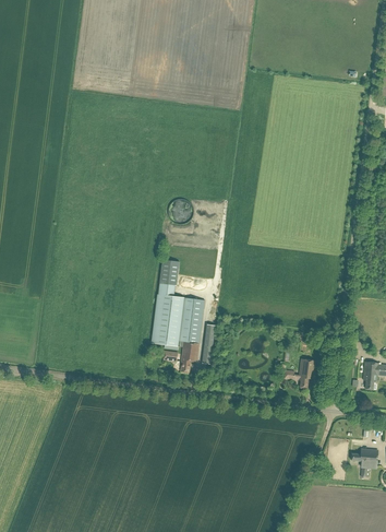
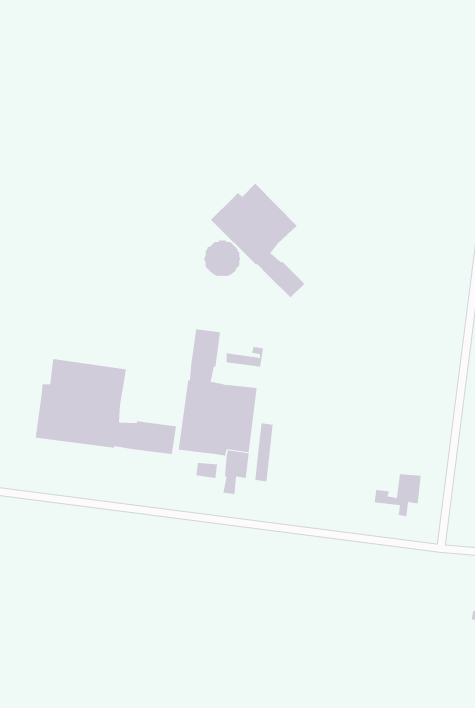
building: none -> [210,183,305,298]
building: none -> [35,358,176,455]

